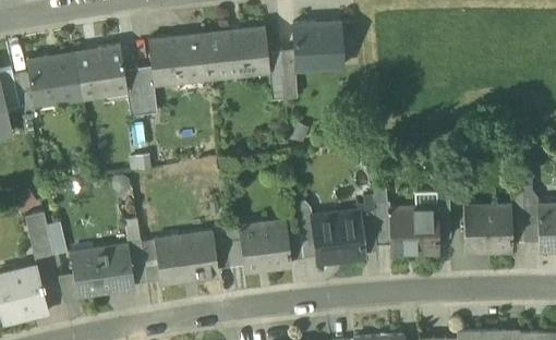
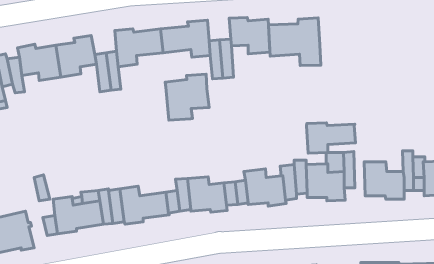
building: none -> [268,18,321,65]
building: none -> [165,74,209,120]
building: none -> [307,123,356,153]
building: [24,211,53,259] -> none

